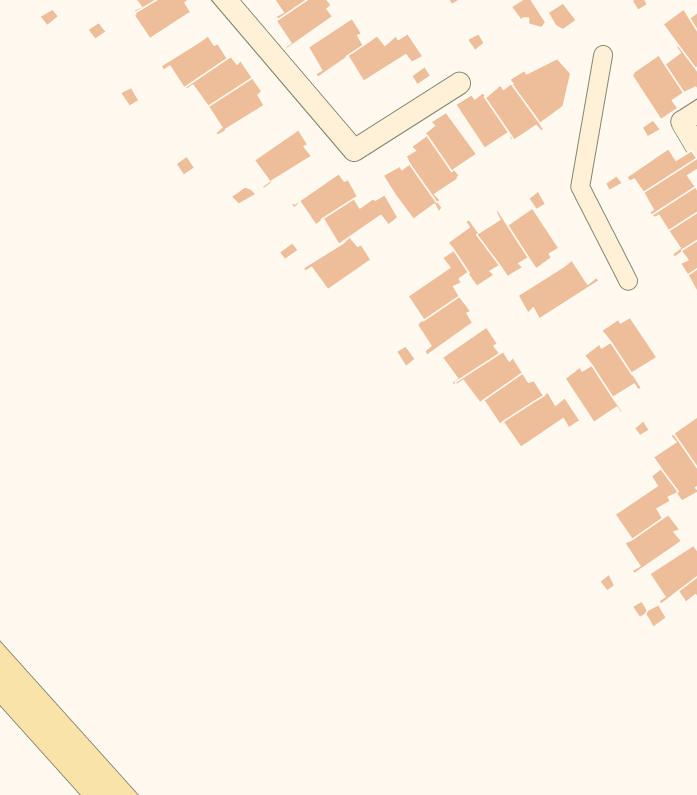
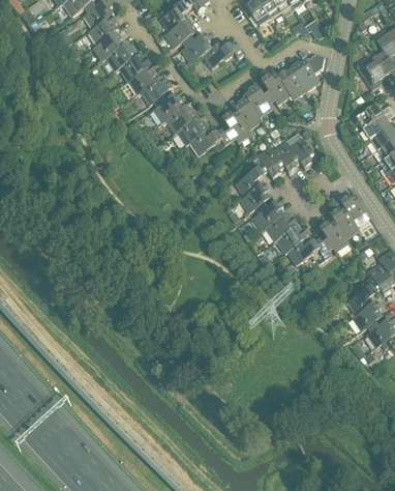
building: none -> [92,31,123,63]
building: none -> [136,77,173,105]
building: [304,237,371,290] -> [161,105,198,134]
building: [518,260,599,319] -> none

